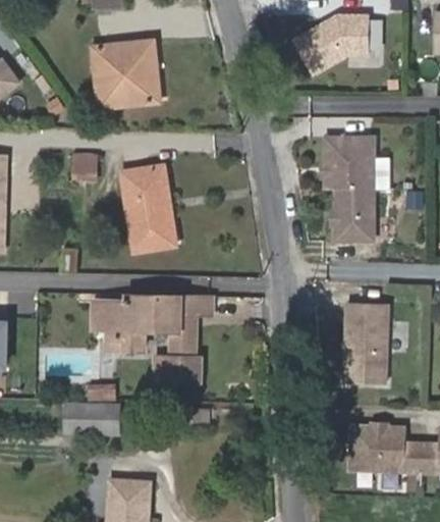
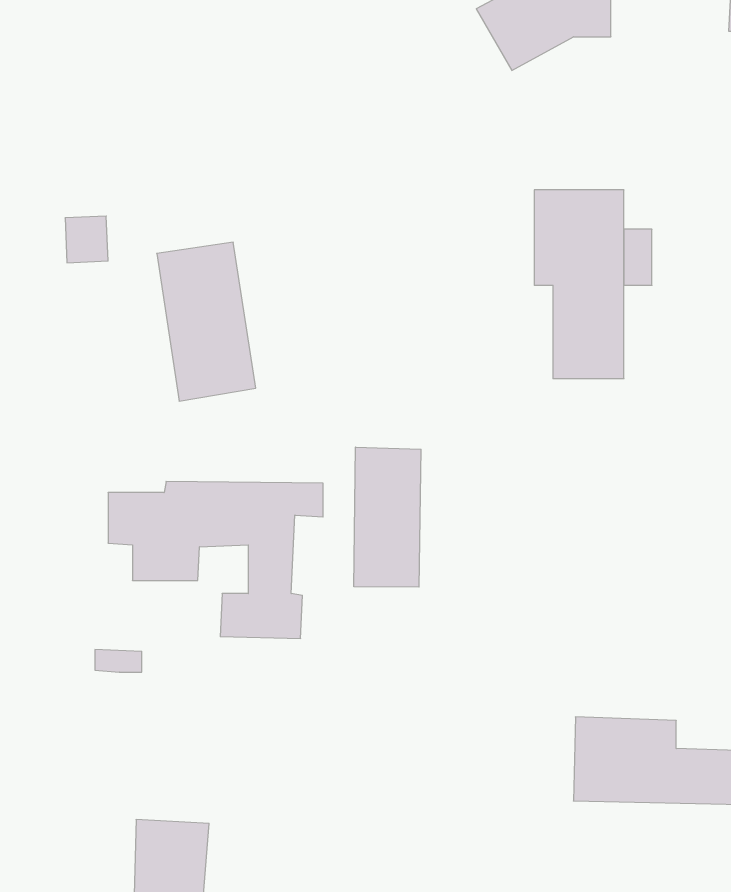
building: [92,40,158,108] -> none
building: none -> [354,447,421,587]
building: [344,301,389,382] -> none
building: [65,404,117,432] -> none

